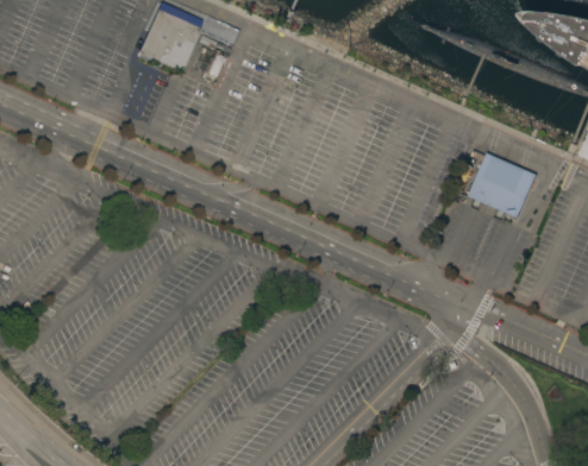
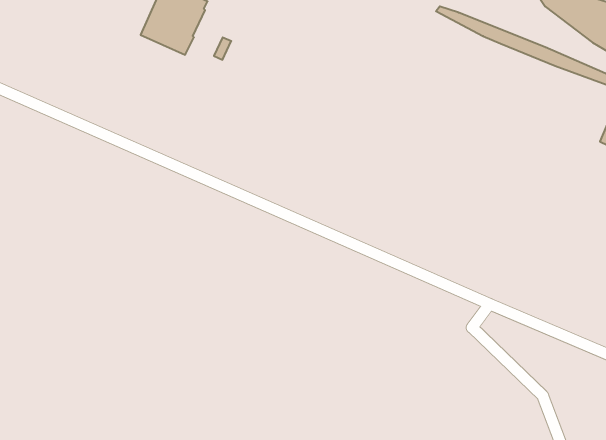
building: [469,153,537,219] -> none

